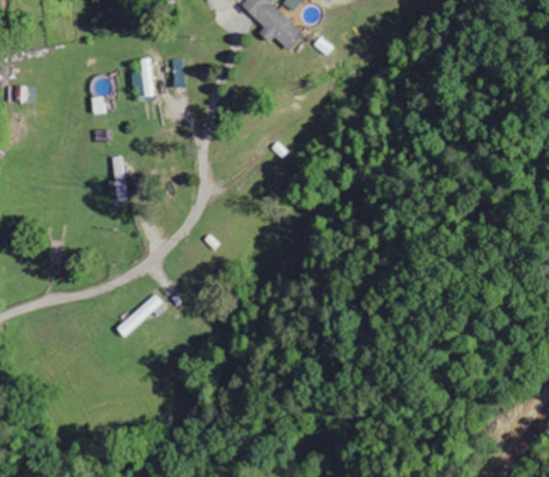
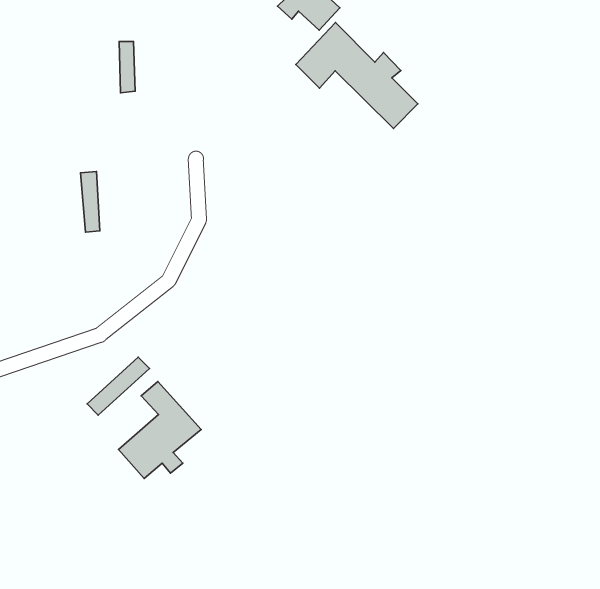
building: none -> [296,23,418,128]
building: none -> [118,382,201,479]

